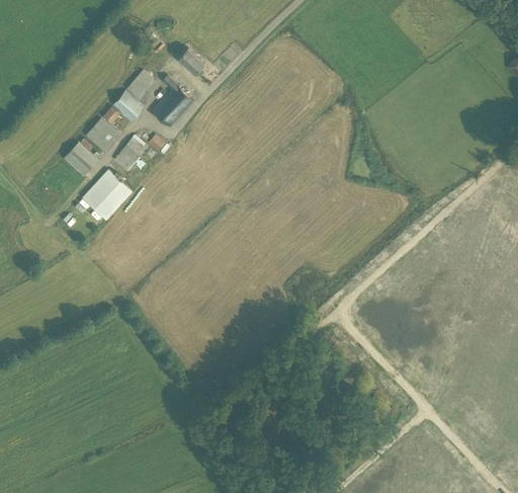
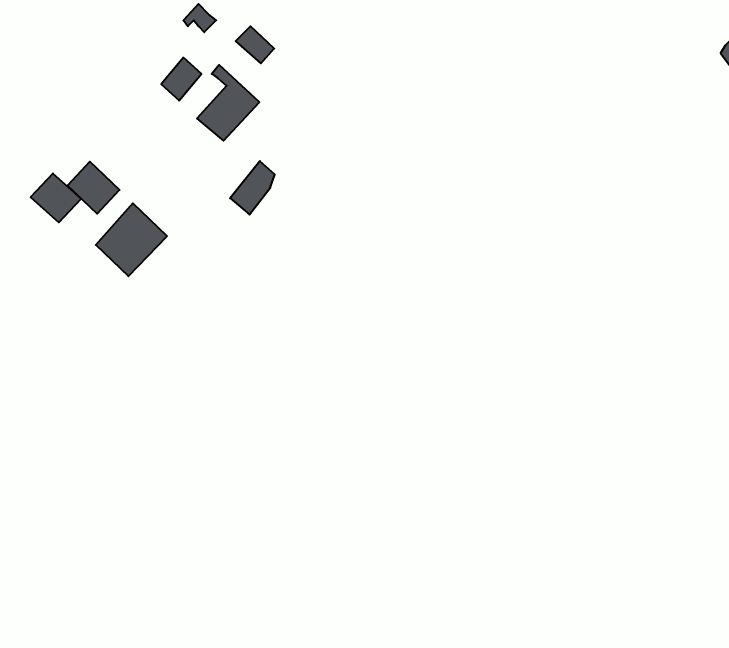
building: [104,90,144,122] -> none
building: [86,118,120,152] -> [31,173,81,222]
building: [114,135,145,171] -> [230,161,275,215]

